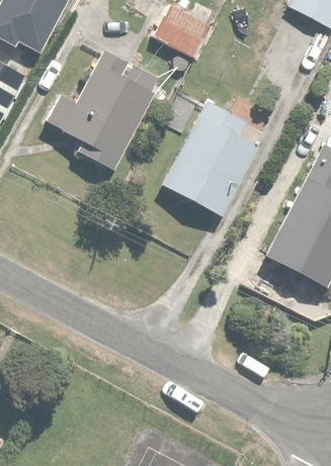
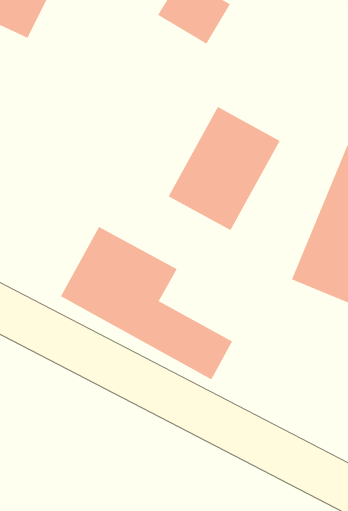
building: [53,52,146,157] -> none
building: none -> [60,226,233,380]

